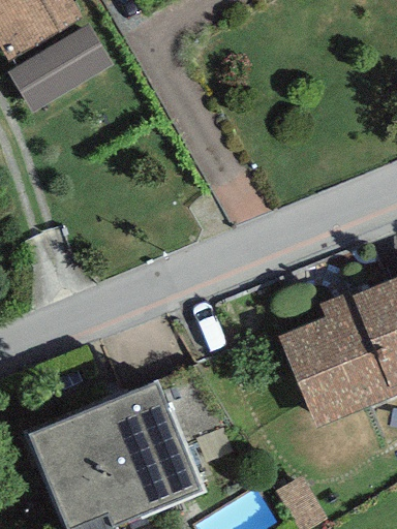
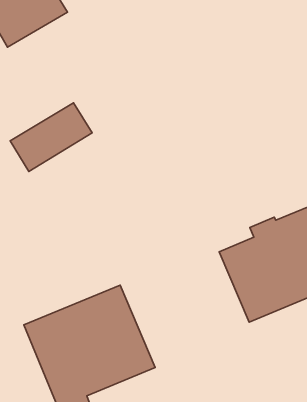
building: [10,35,115,123] -> [10,103,92,172]

